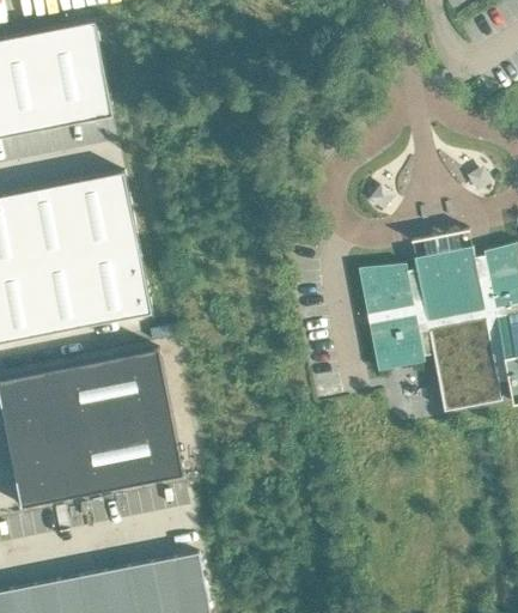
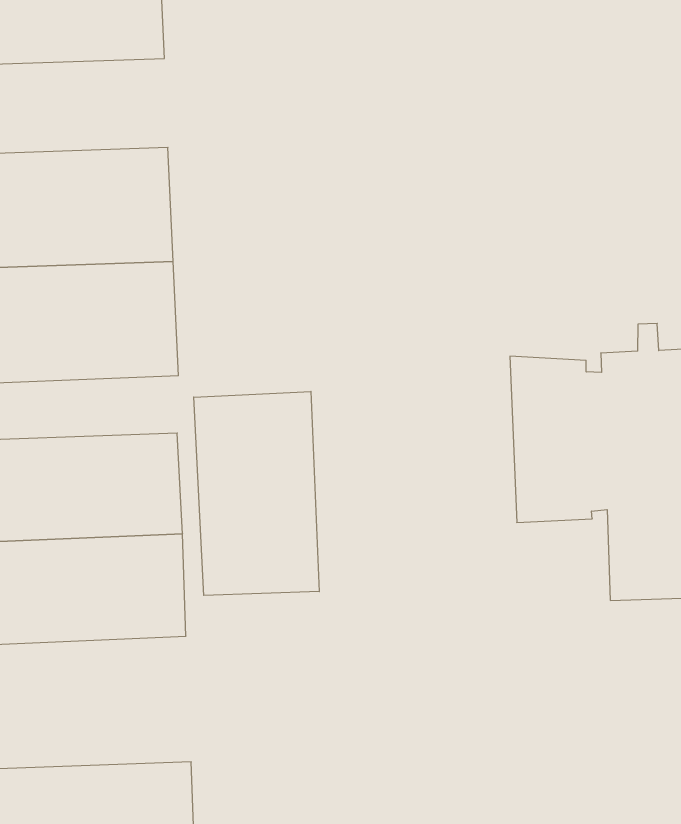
building: none -> [194,391,319,595]

